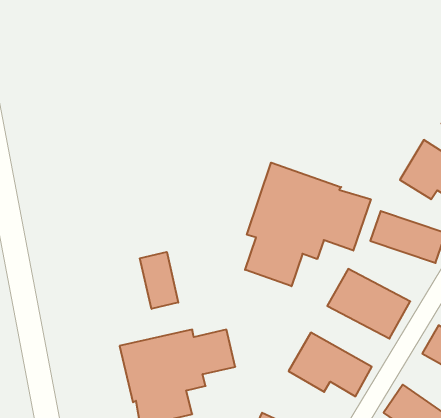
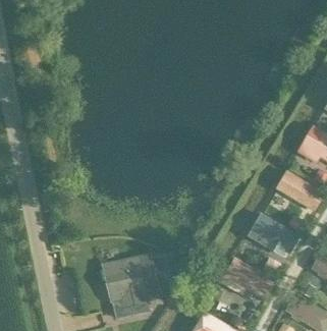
building: [245,163,371,286] -> none
building: [140,252,178,309] -> none

